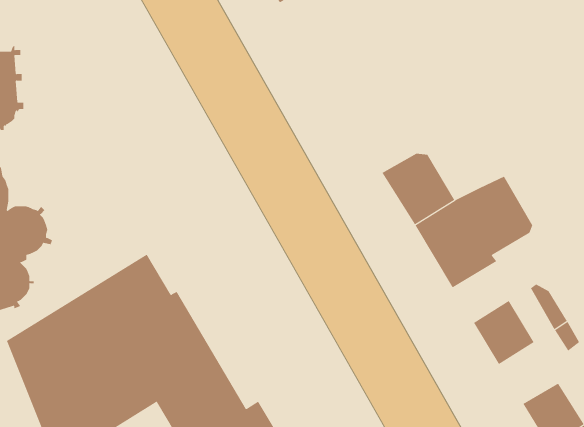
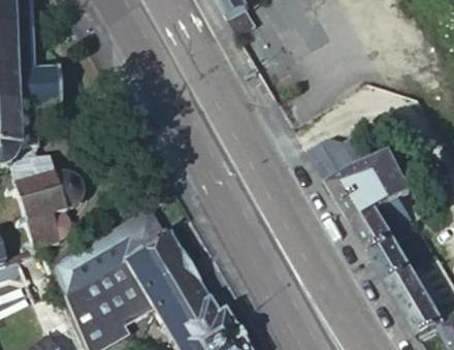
building: none -> [357,208,407,253]
building: none -> [389,266,430,309]

